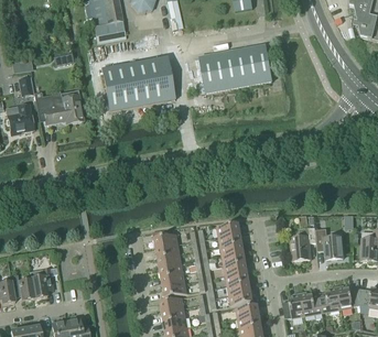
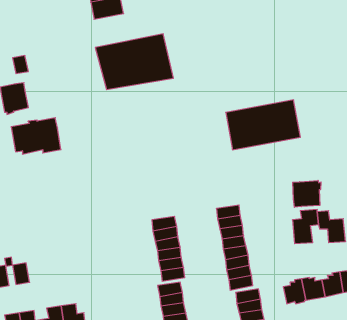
building: [199,44,272,93] -> [226,100,300,150]
building: [35,88,84,123] -> [11,118,61,154]
building: none -> [293,180,321,207]
building: [31,267,58,297] -> none

